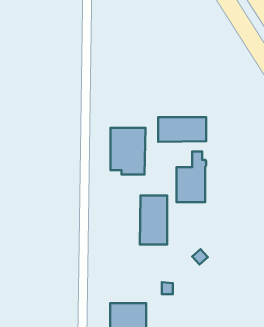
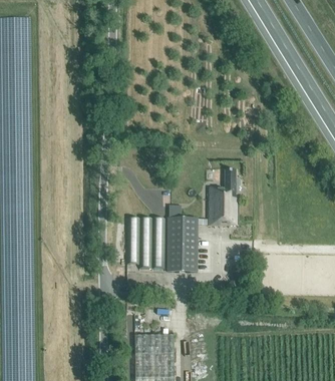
building: [158,117,206,142] -> none
building: [110,128,145,175] -> [127,217,165,268]

